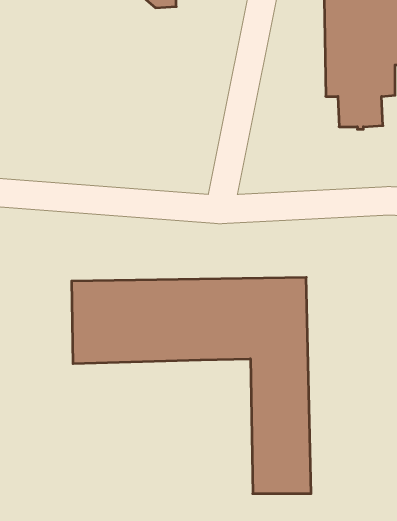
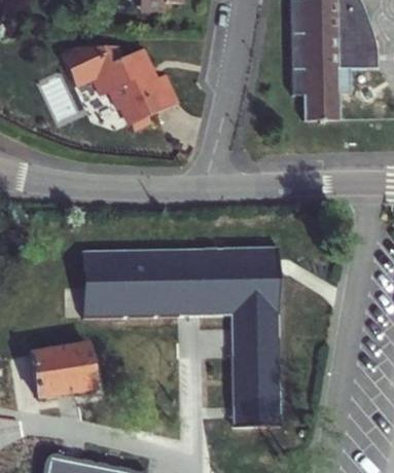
building: none -> [57,52,179,133]
building: none -> [25,338,95,399]

